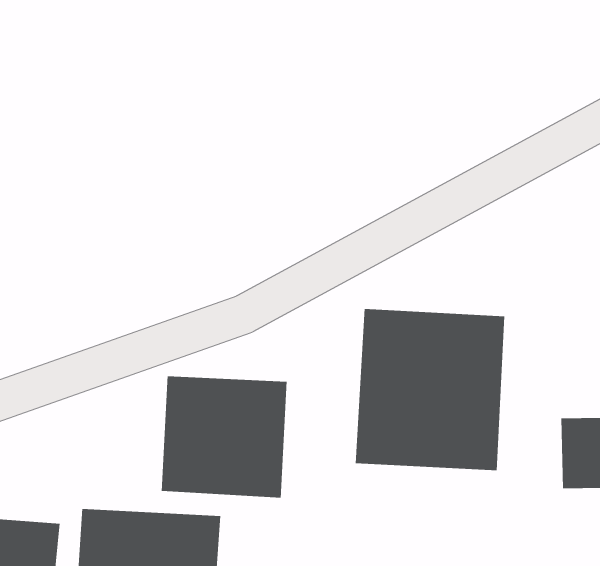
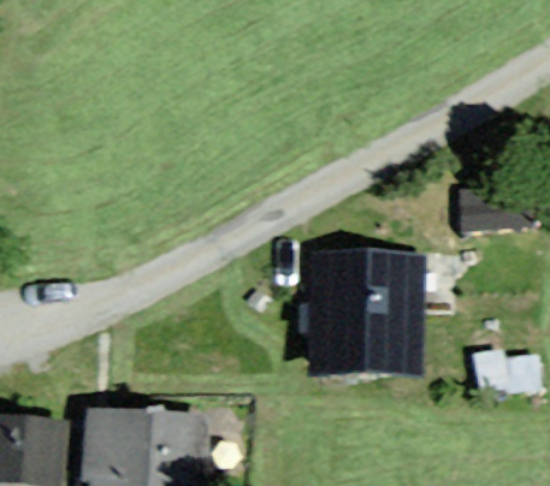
building: [161,376,287,498] -> none

